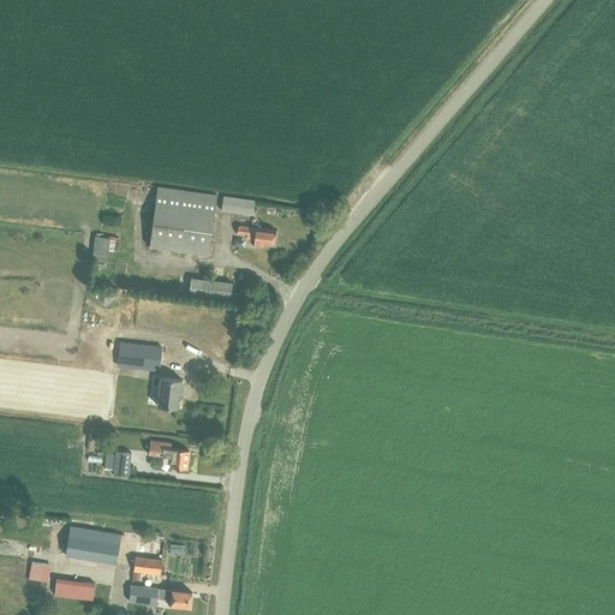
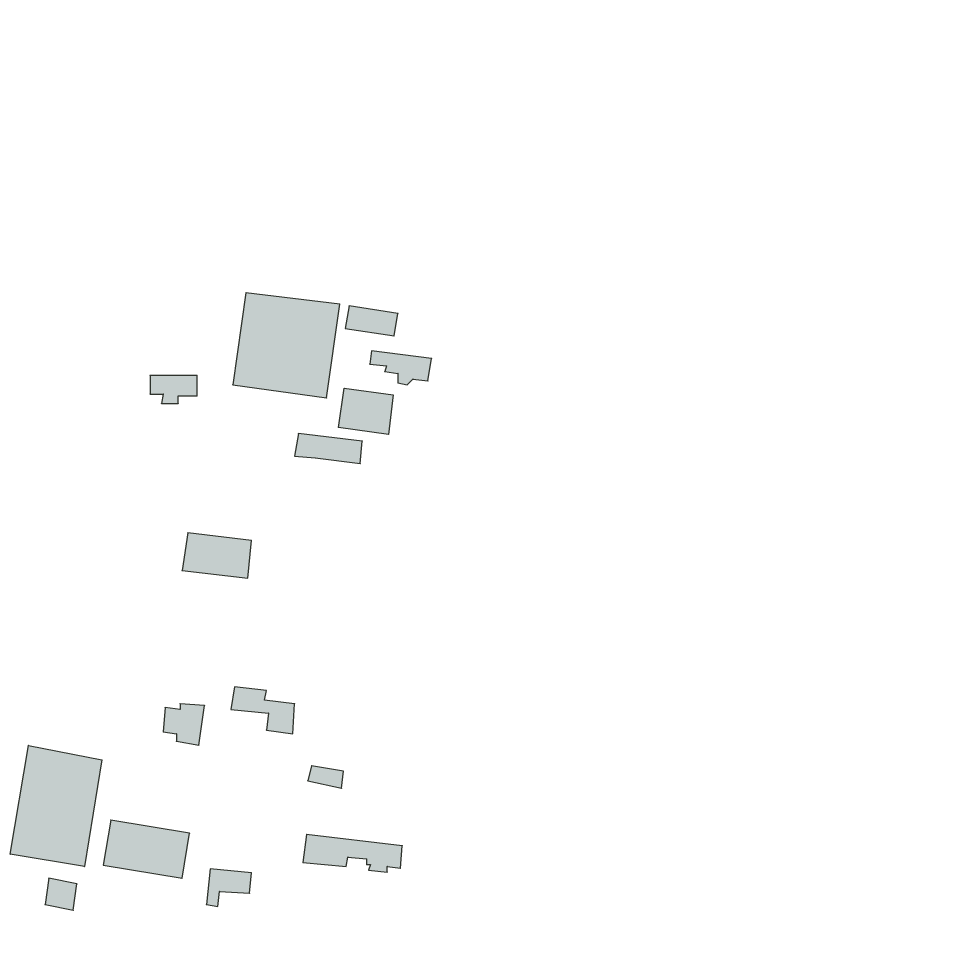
building: none -> [338,388,393,434]
building: [157,377,181,408] -> none
building: none -> [10,745,102,867]
building: [54,578,95,599] -> none
building: [129,584,192,608] -> [303,834,402,872]

